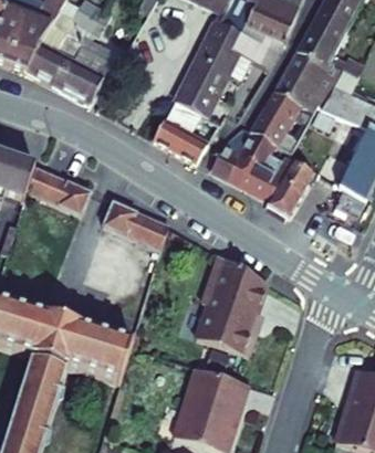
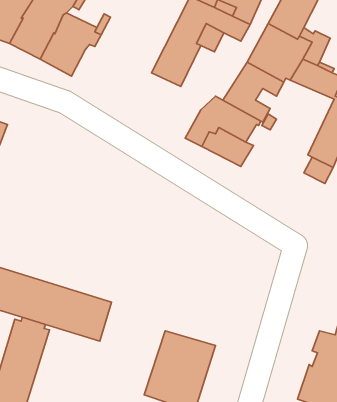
building: [154,96,218,158] -> none
building: [268,150,314,212] -> none
building: [21,169,87,219] -> none
building: [101,201,163,247] -> none
building: [191,247,261,352] -> none

